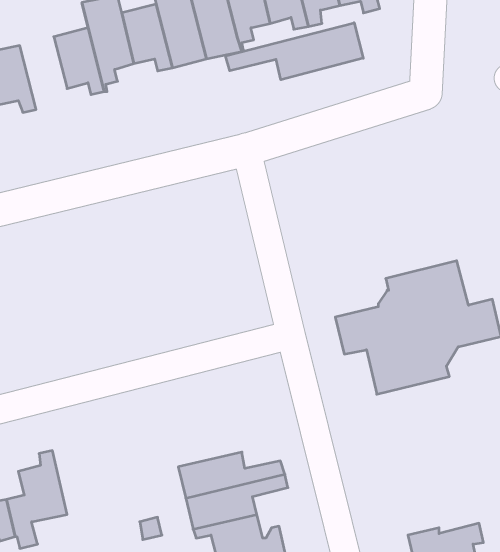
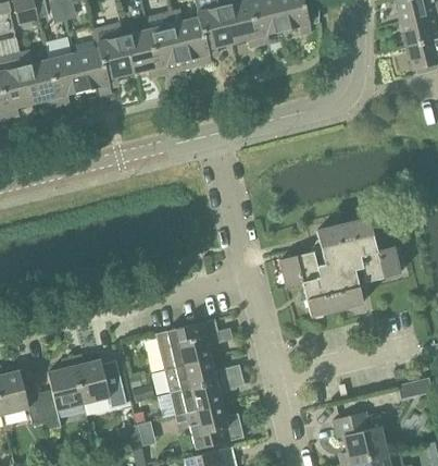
building: [226,23,363,80] -> none
building: none -> [48,53,83,107]
building: none -> [155,319,233,369]
building: none -> [72,354,110,404]

